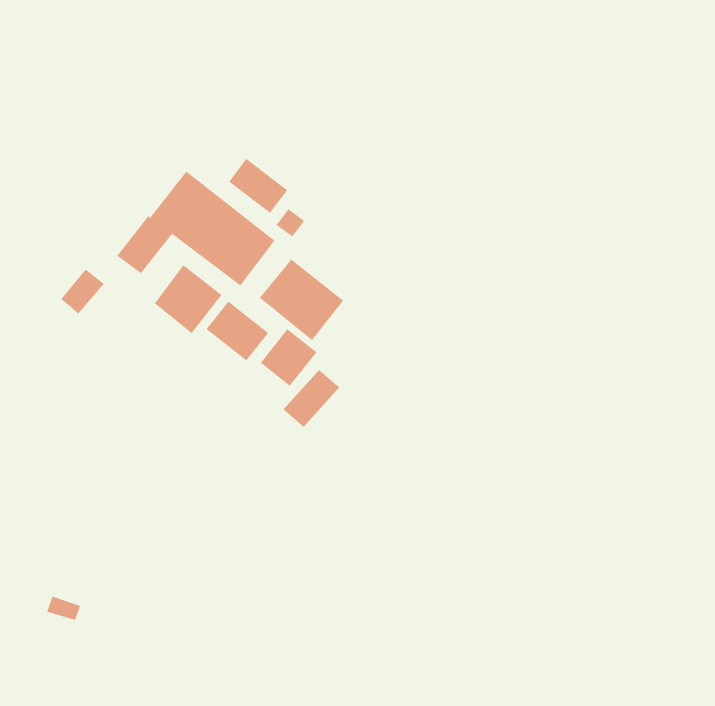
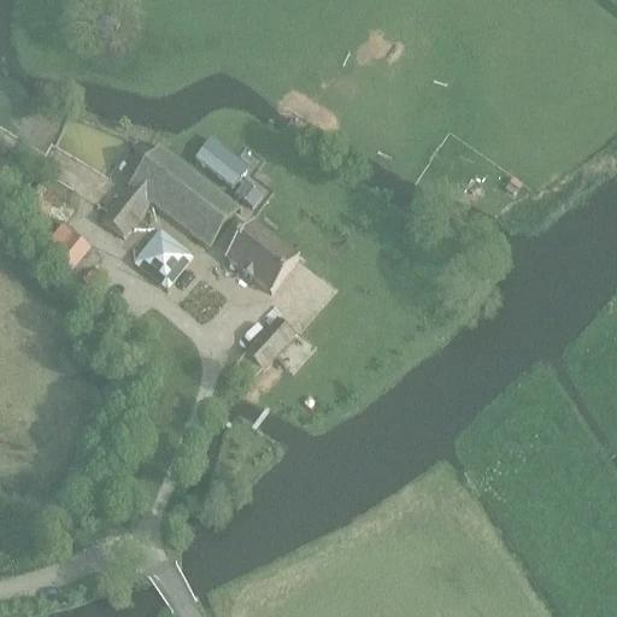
building: [205,301,269,362] -> none
building: [260,328,317,387] -> none

